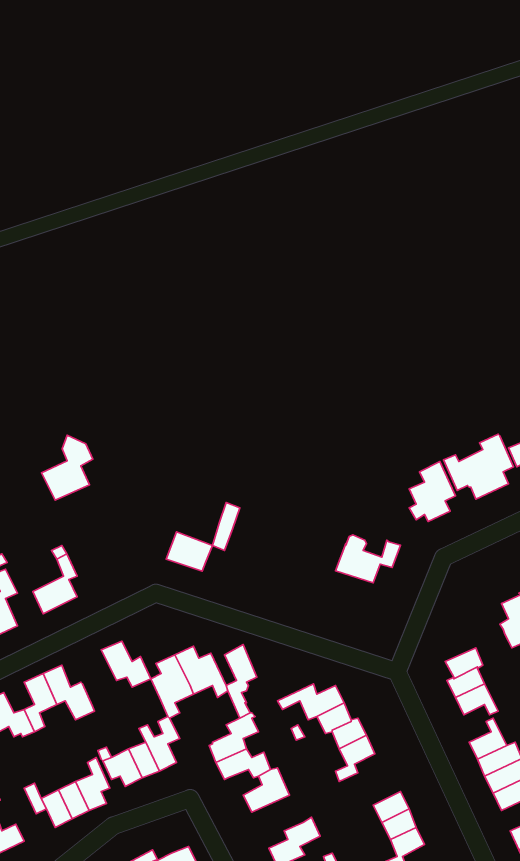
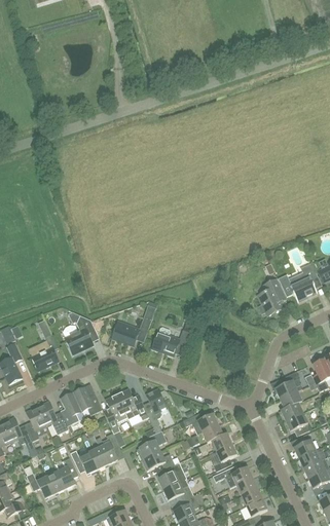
building: [41,435,93,500] -> [64,314,95,353]
building: [336,535,401,583] -> [151,326,190,354]
building: none -> [274,371,301,399]
building: none -> [60,391,81,425]
building: none -> [212,466,252,487]
building: none -> [162,479,193,500]

